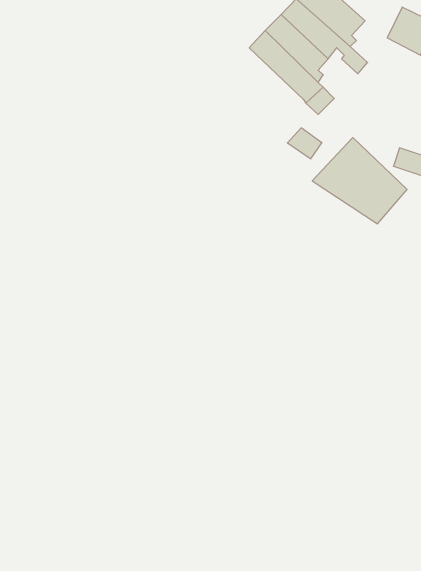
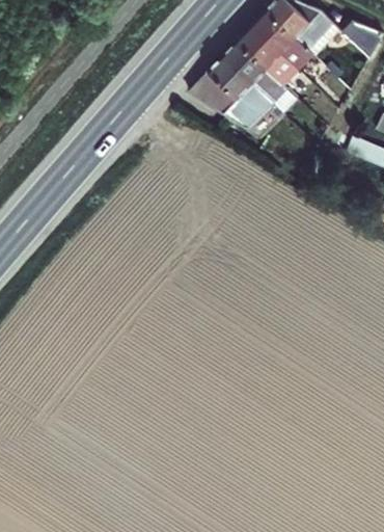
building: [312,138,407,224] -> [192,53,272,126]

